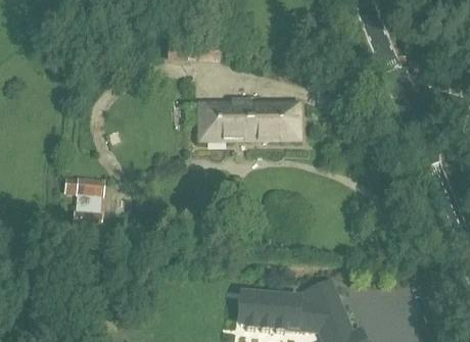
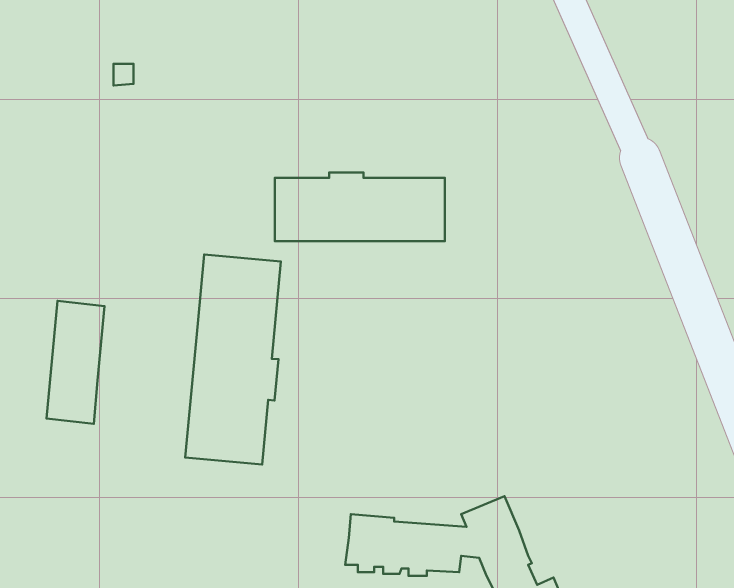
building: none -> [185,254,281,465]

